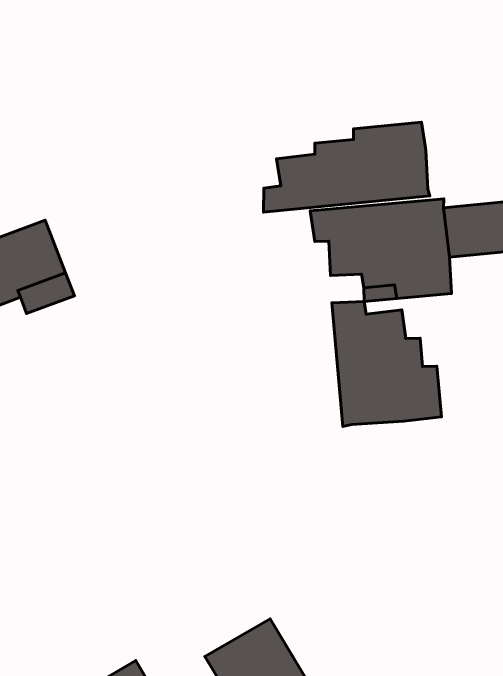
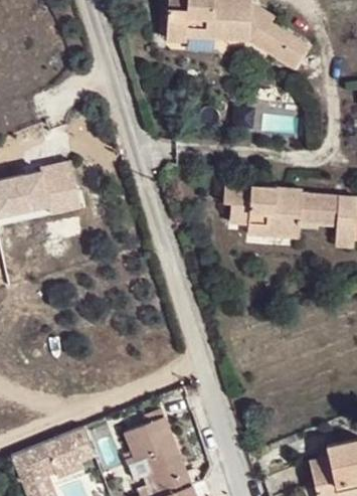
building: [264,122,430,212] -> none
building: [332,302,441,426] -> none

